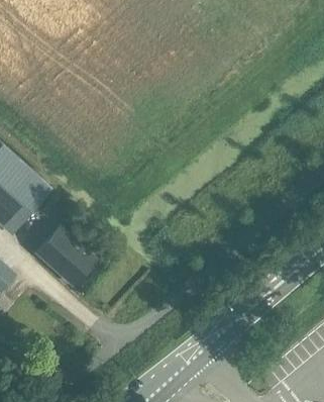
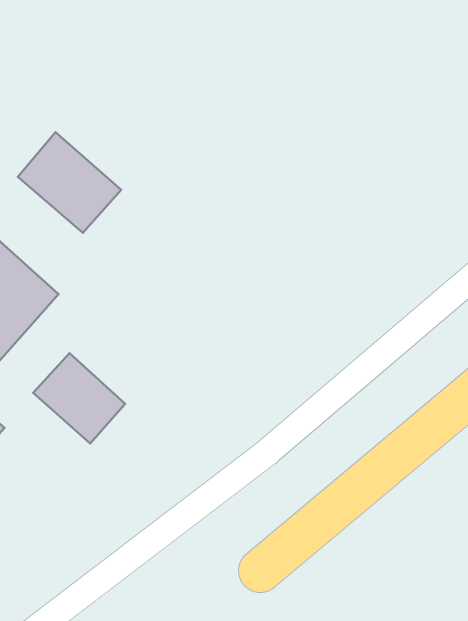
building: none -> [18,132,121,233]

